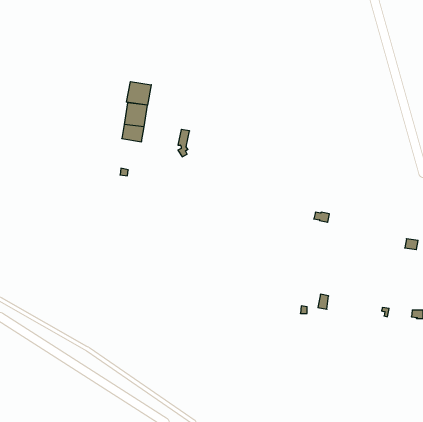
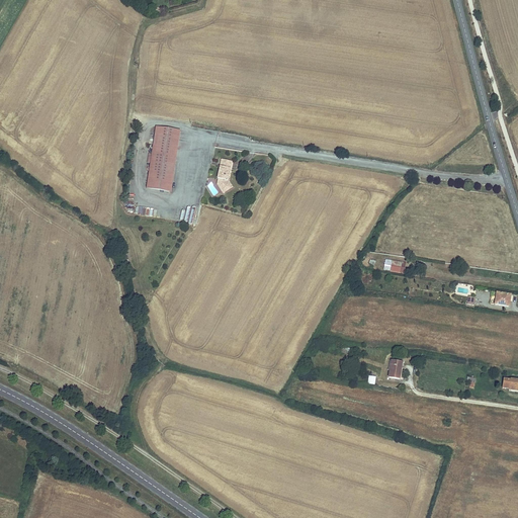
building: [127,82,151,105] -> none
building: none -> [147,169,173,190]

